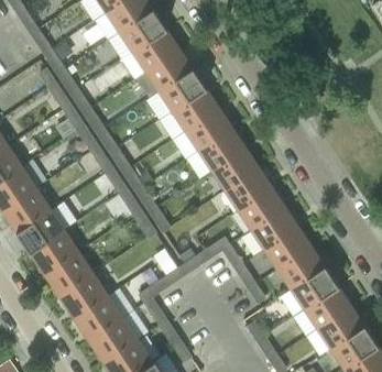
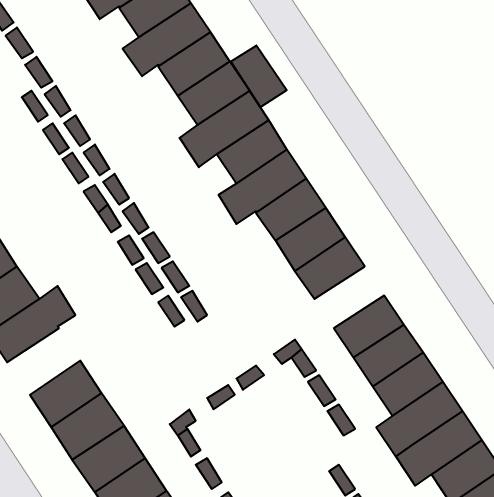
building: none -> [231,45,287,107]
building: [238,187,285,229] -> none
building: [30,229,79,274] -> none

